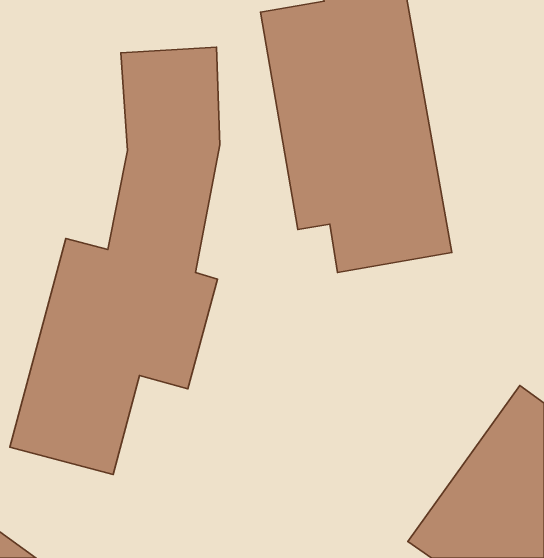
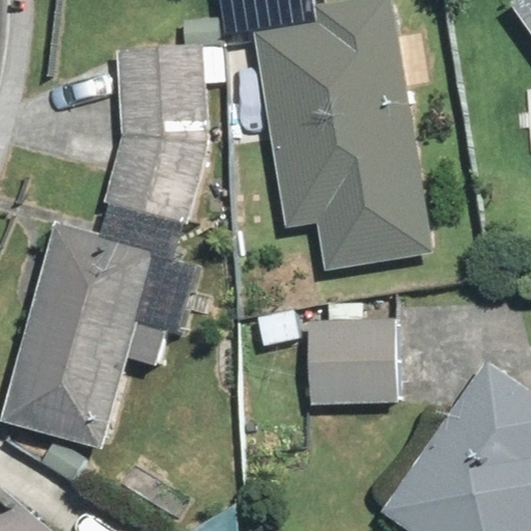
building: none -> [304,316,403,409]

